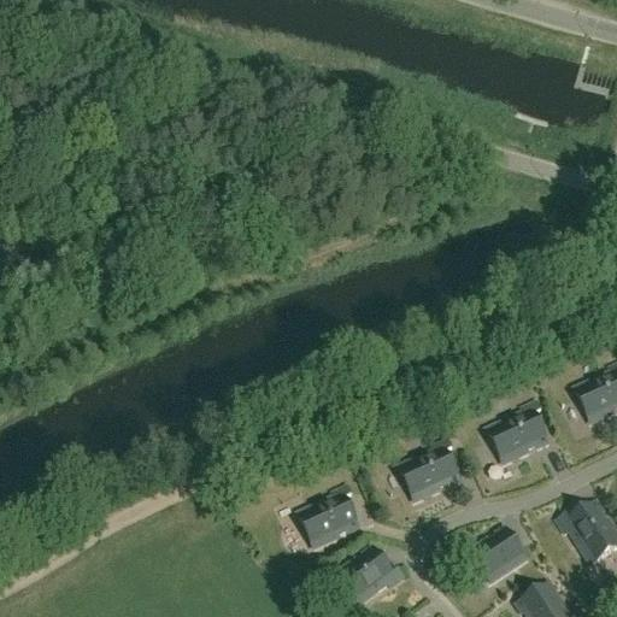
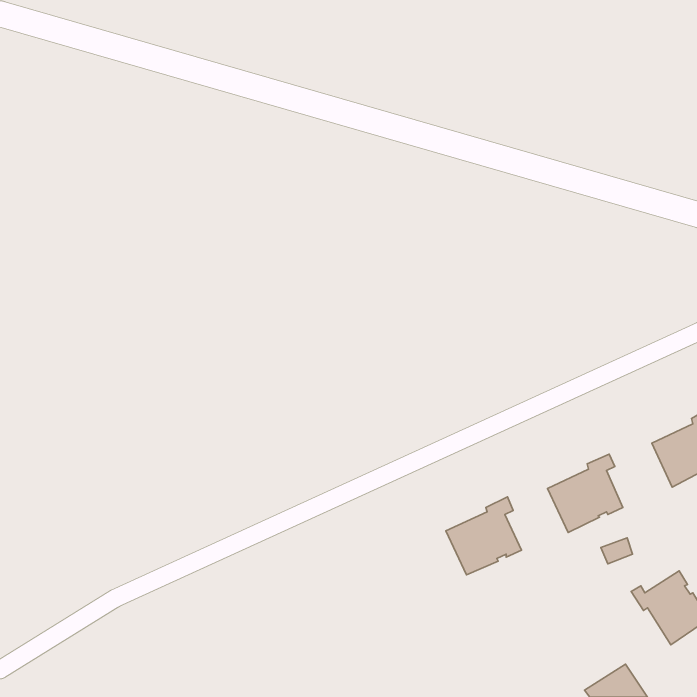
building: [302,486,360,547] -> none
building: [469,525,530,586] -> none
building: [336,550,407,606] -> none

